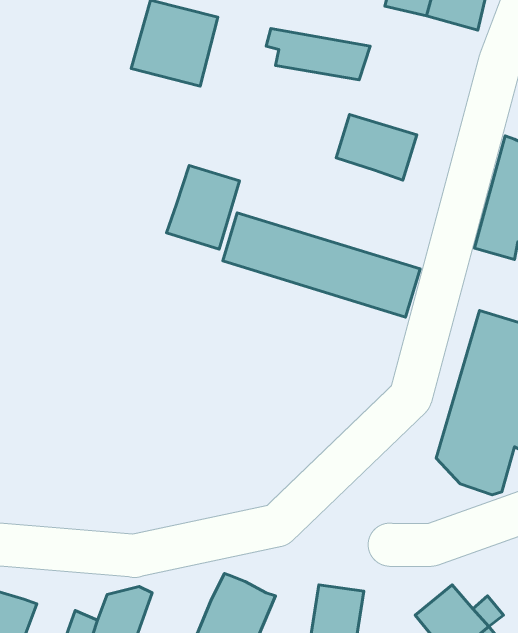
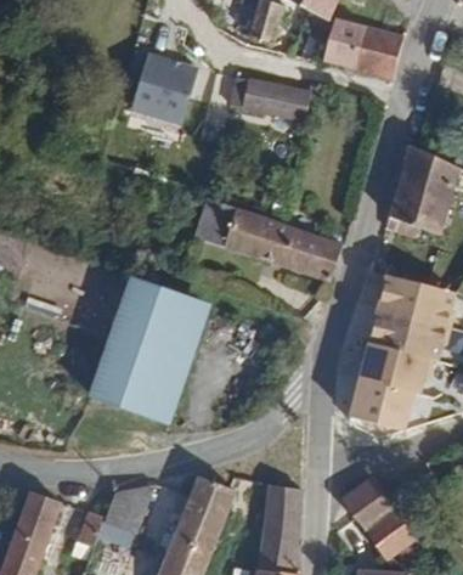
building: [336,115,417,180] -> none
building: [166,166,240,249] -> none
building: none -> [89,287,209,427]

